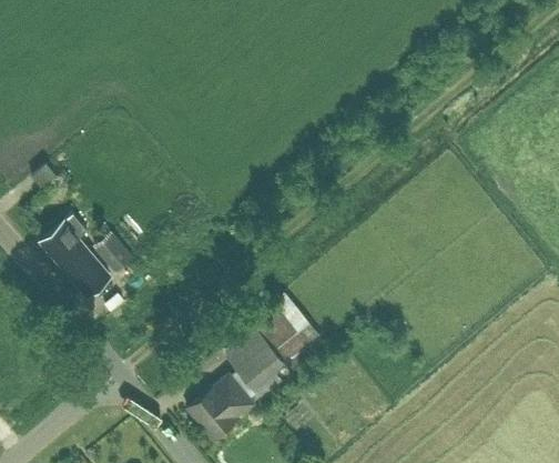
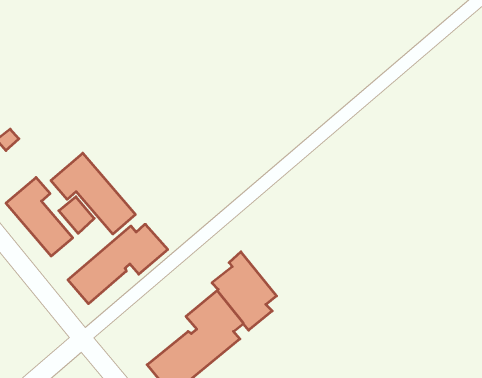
building: none -> [51,153,135,234]
building: none -> [68,224,168,304]

